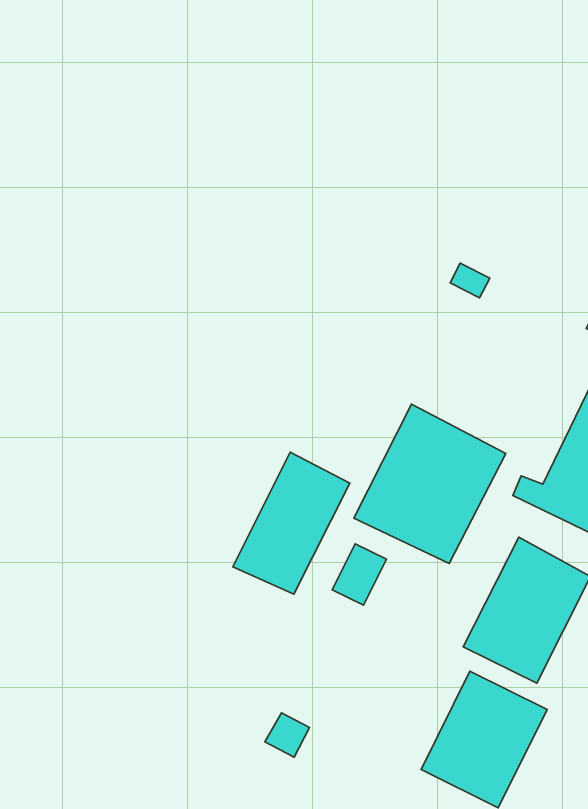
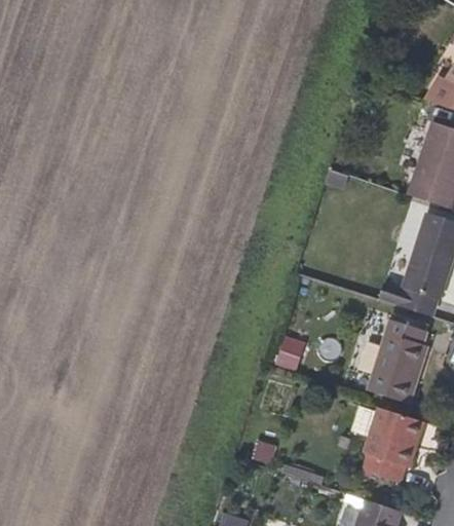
building: [354,404,506,564] -> none
building: [233,452,350,594] -> none

